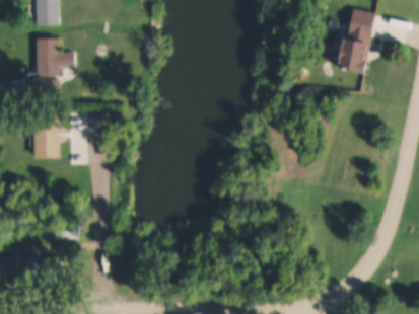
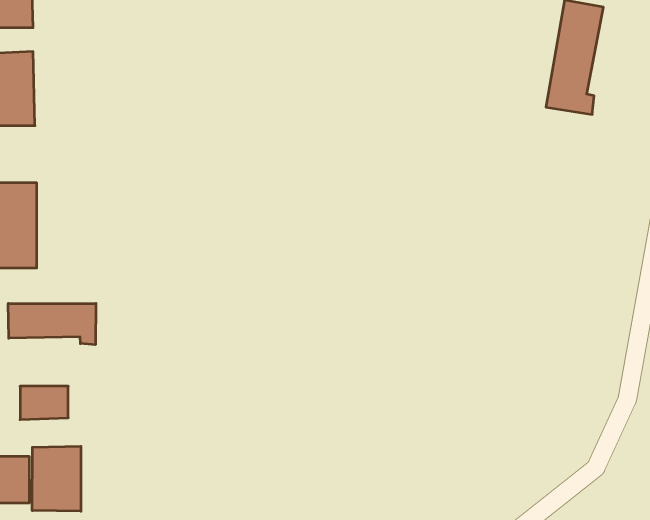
building: none -> [8,303,96,345]
building: none -> [32,446,81,511]

